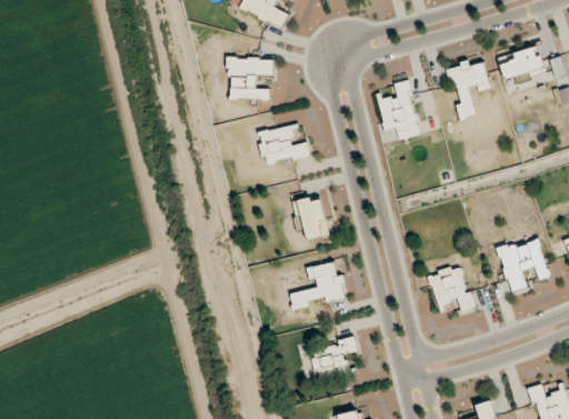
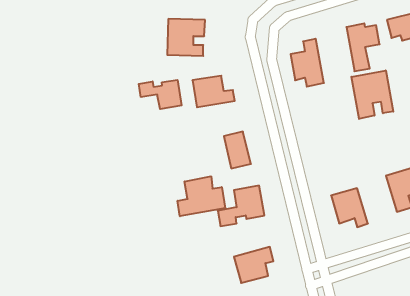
building: none -> [351,70,393,119]
building: none -> [139,80,182,109]
building: none -> [178,176,225,216]

